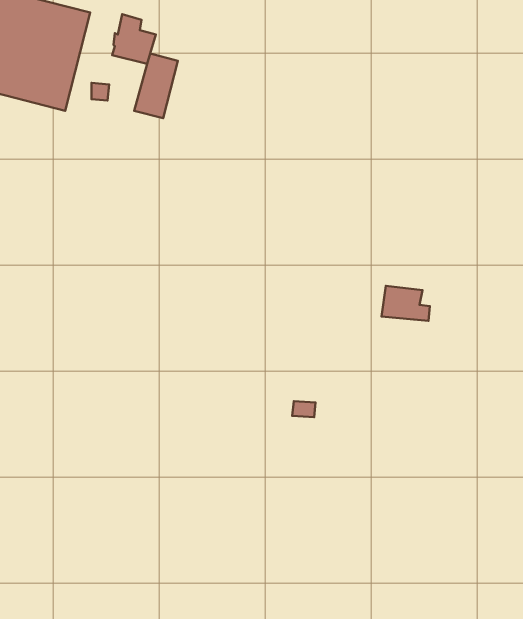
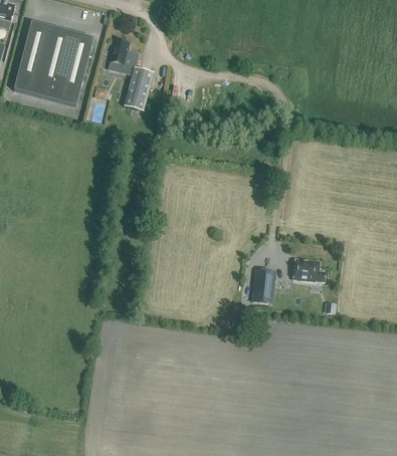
building: [381,286,430,321] -> [291,258,325,282]
building: none -> [251,269,274,303]

